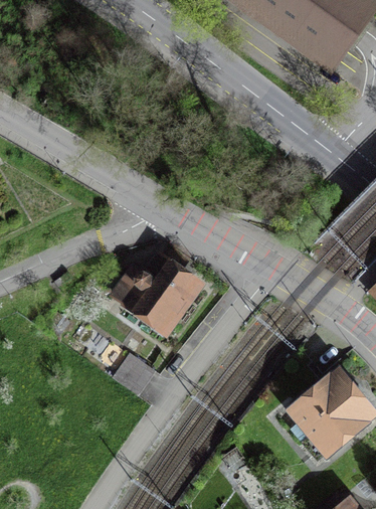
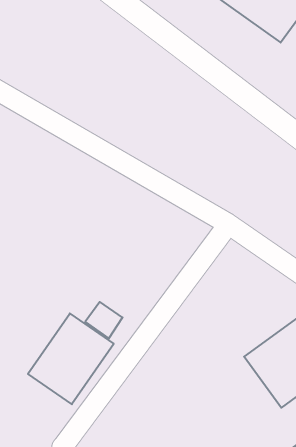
building: [118,251,199,334] -> none
building: none -> [28,313,114,404]

